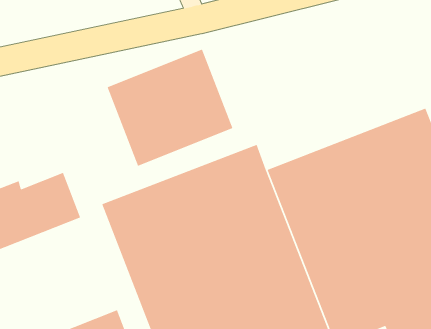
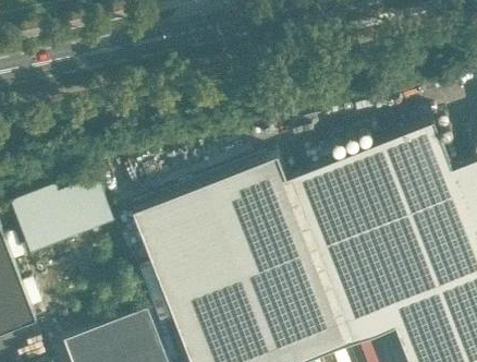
building: [106,48,234,167] -> none

